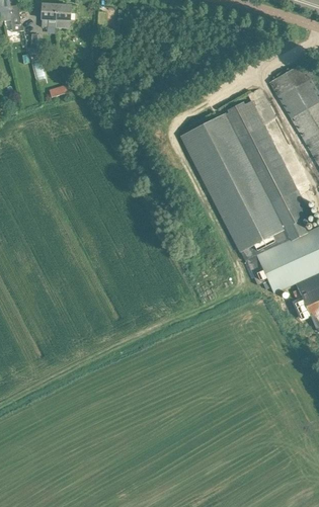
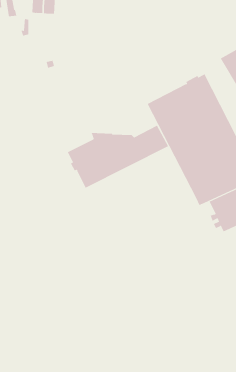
building: none -> [67,125,169,189]

